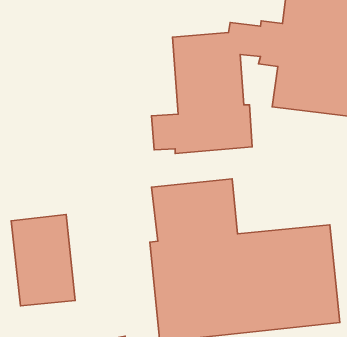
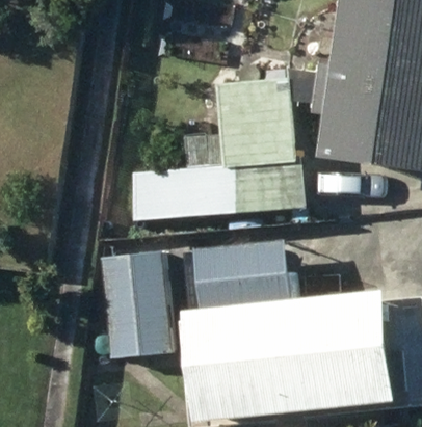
building: [11,214,75,306] -> [98,250,170,354]

